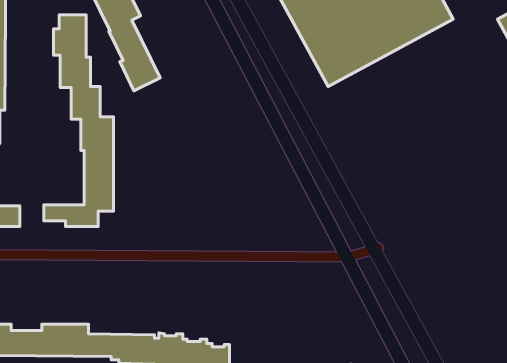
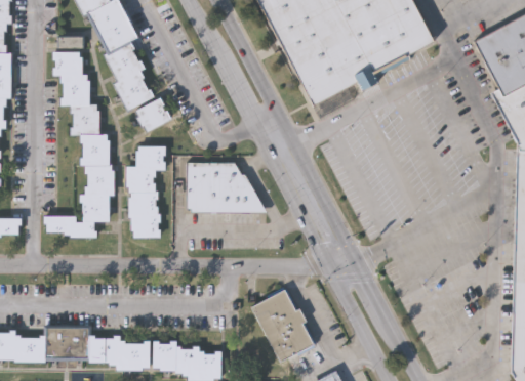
building: none -> [135,97,170,131]
building: none -> [127,145,166,238]
building: none -> [187,162,267,212]
building: none -> [253,291,313,361]

